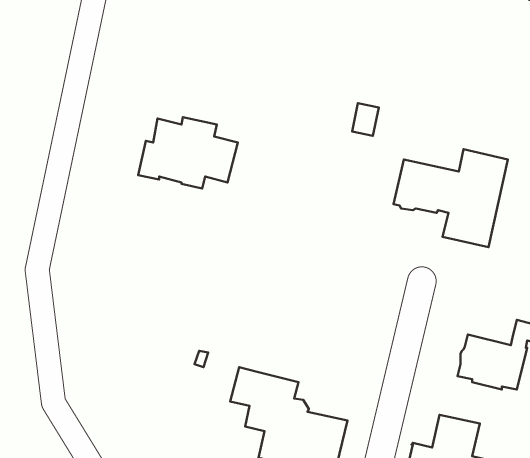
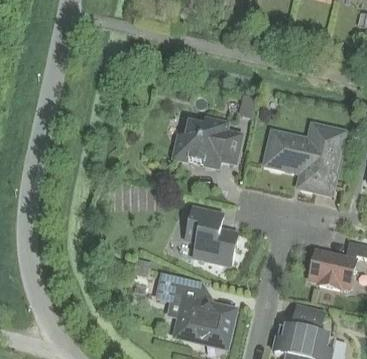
building: [138,117,238,188] -> [174,116,241,164]
building: none -> [185,206,238,262]

